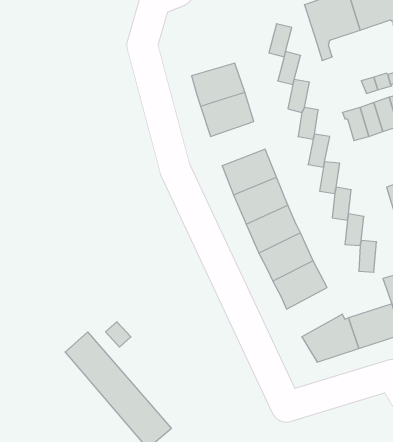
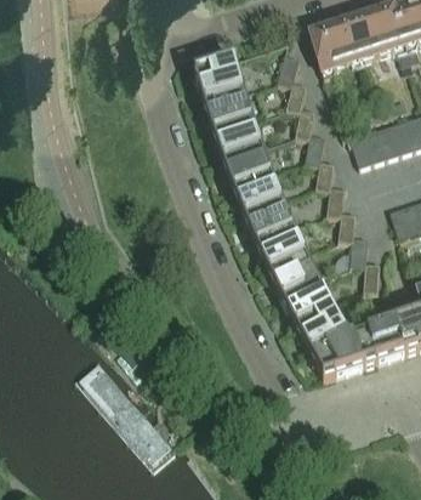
building: none -> [200,59,245,103]
building: none -> [222,147,274,189]
building: none -> [295,306,348,353]

